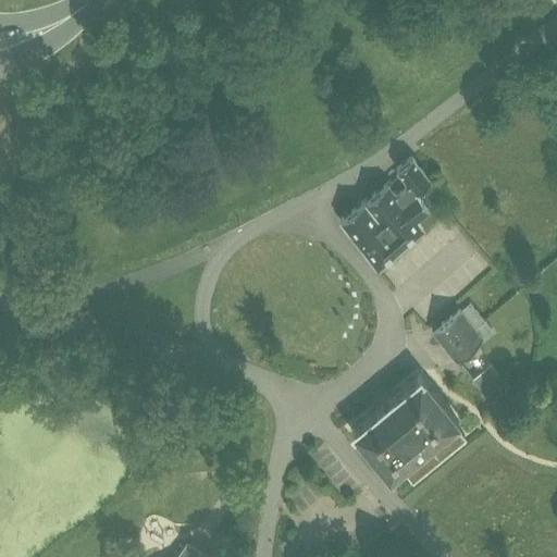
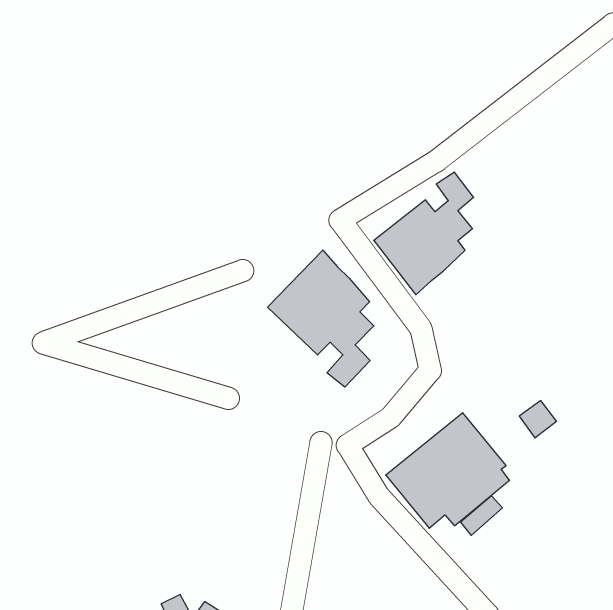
building: none -> [268,250,374,387]
building: [431,306,490,362] -> none

